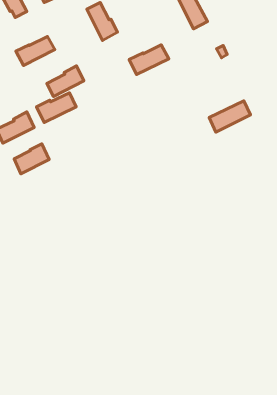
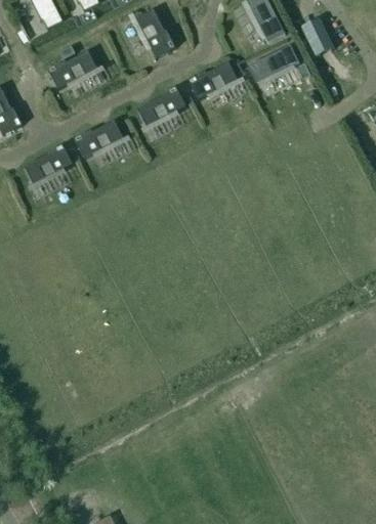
building: none -> [302,18,335,57]
building: [47,66,84,97] -> [138,89,184,127]
building: [209,101,251,132] -> [248,46,299,85]
building: [14,144,49,174] -> none

